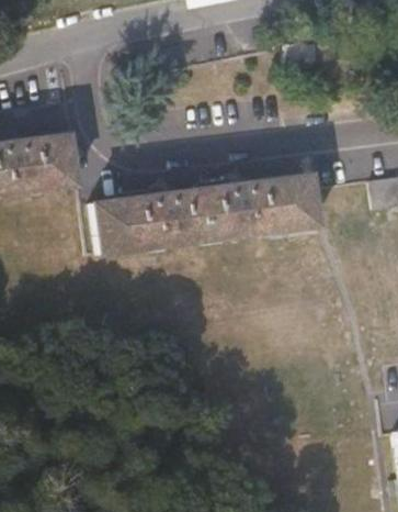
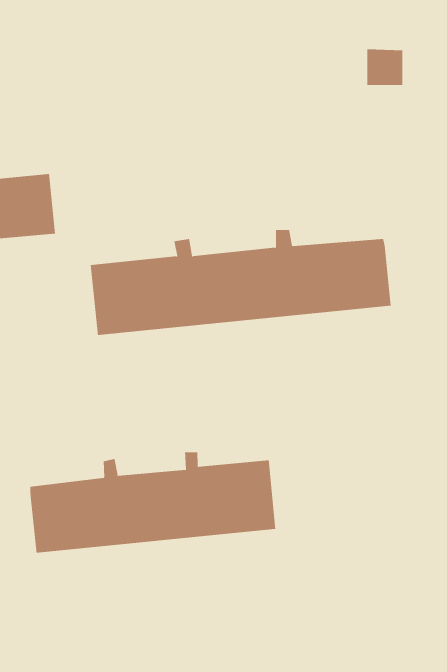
building: none -> [30,451,276,553]

